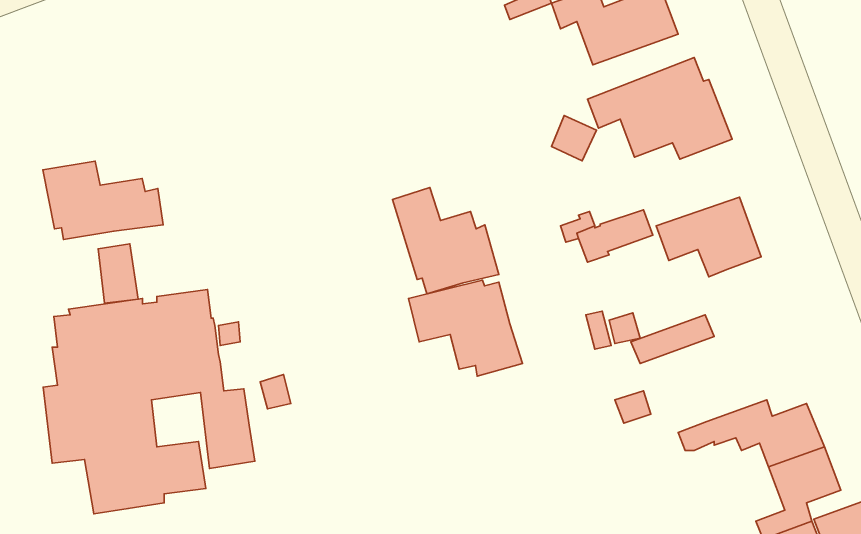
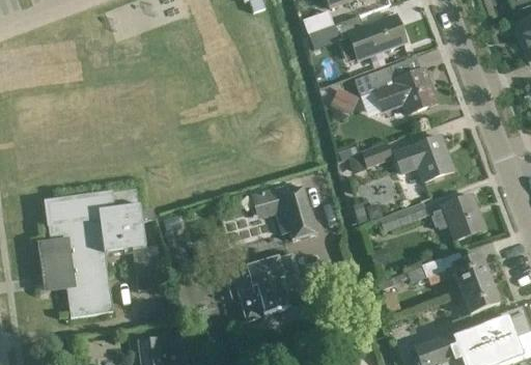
building: [43,161,163,239] -> none
building: [392,187,499,294] -> none
building: [98,244,138,303] -> none
building: none -> [432,194,484,240]
building: none -> [231,254,305,320]

